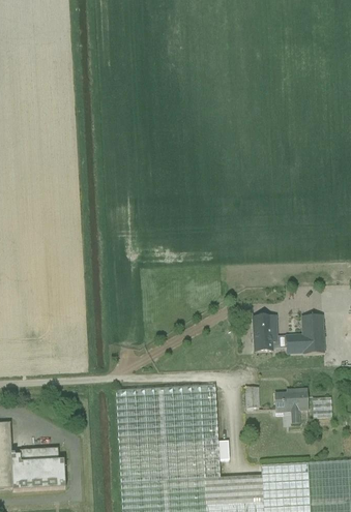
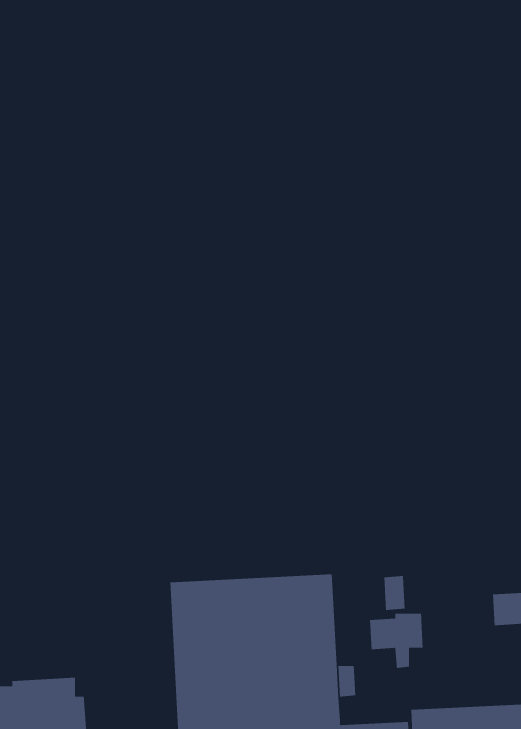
building: [254,315,276,352] -> none
building: [287,317,325,355] -> none
building: [275,389,309,423] -> [369,613,423,669]

